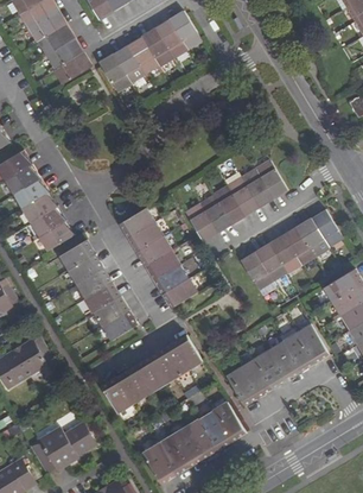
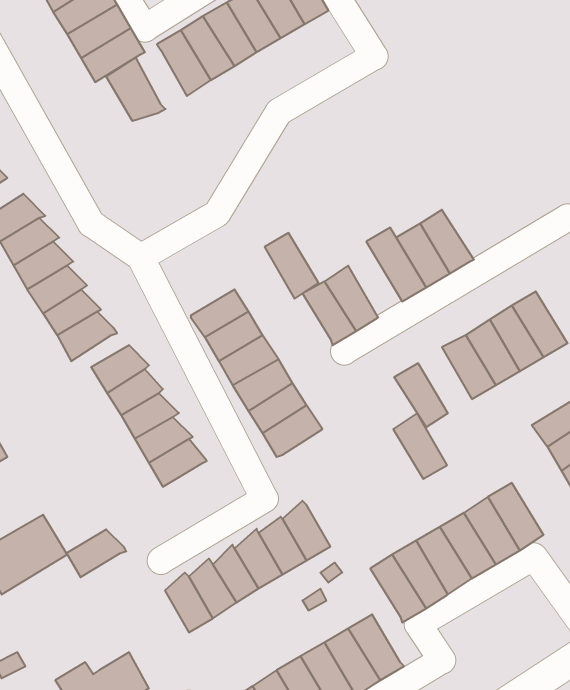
building: none -> [106,58,166,121]
building: [212,185,244,225] -> [265,233,318,299]
building: [254,242,286,282] -> [393,413,447,479]
building: [102,311,138,340] -> [66,529,126,577]

